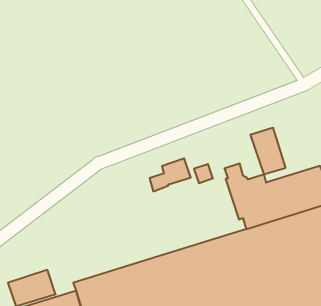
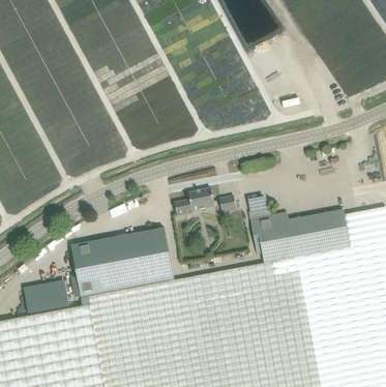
building: [251,128,285,174] -> none
building: none -> [70,230,174,299]

